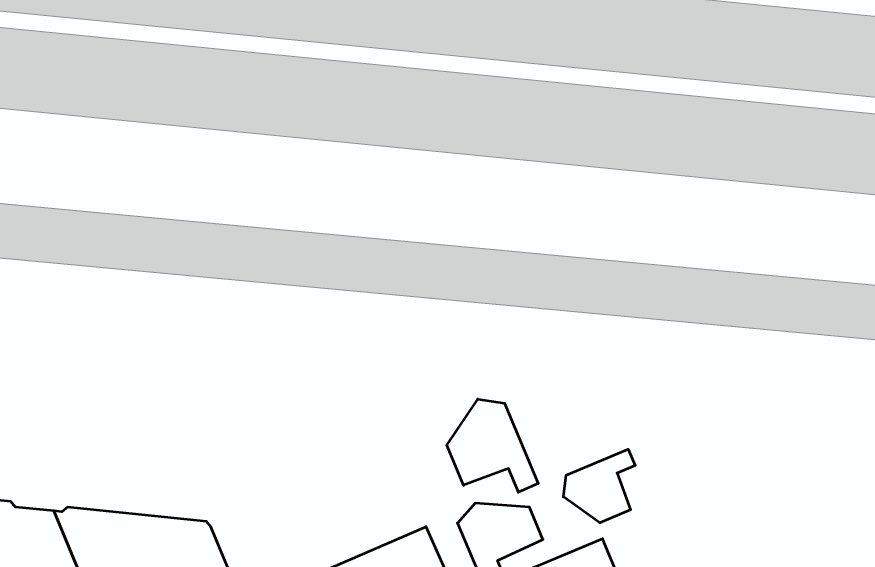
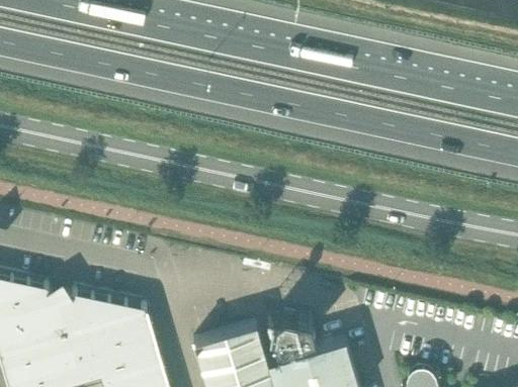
building: [447,399,538,492] -> none
building: [563,449,635,523] -> none

